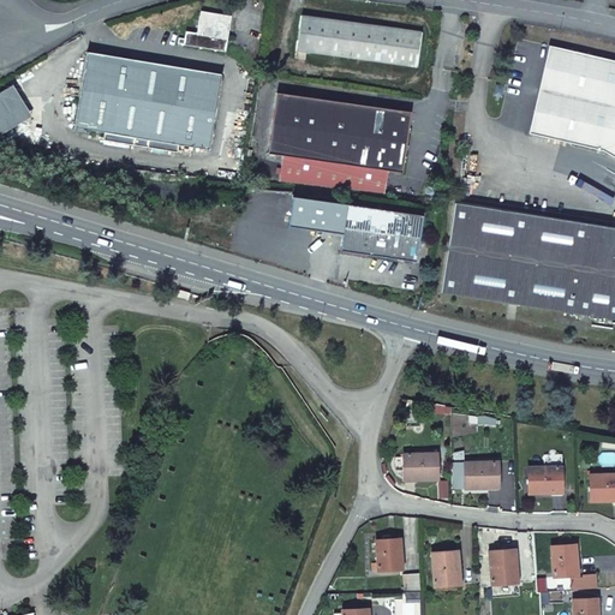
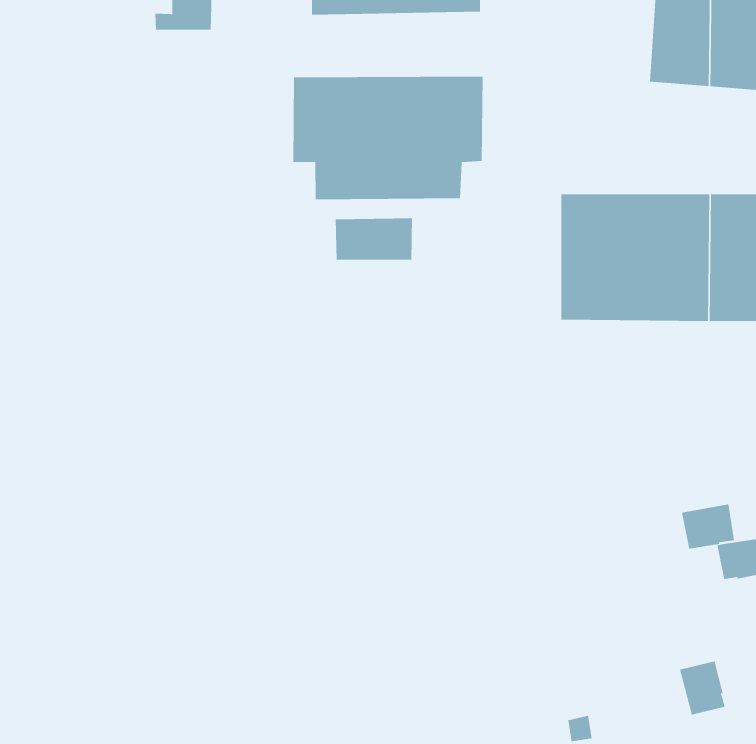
building: [77,53,222,149] -> none
building: [342,203,424,261] -> none
building: [405,452,438,479] -> none
building: [465,460,500,488] -> [681,504,735,549]
building: [376,538,402,571] -> none
building: [432,549,461,586] -> none

